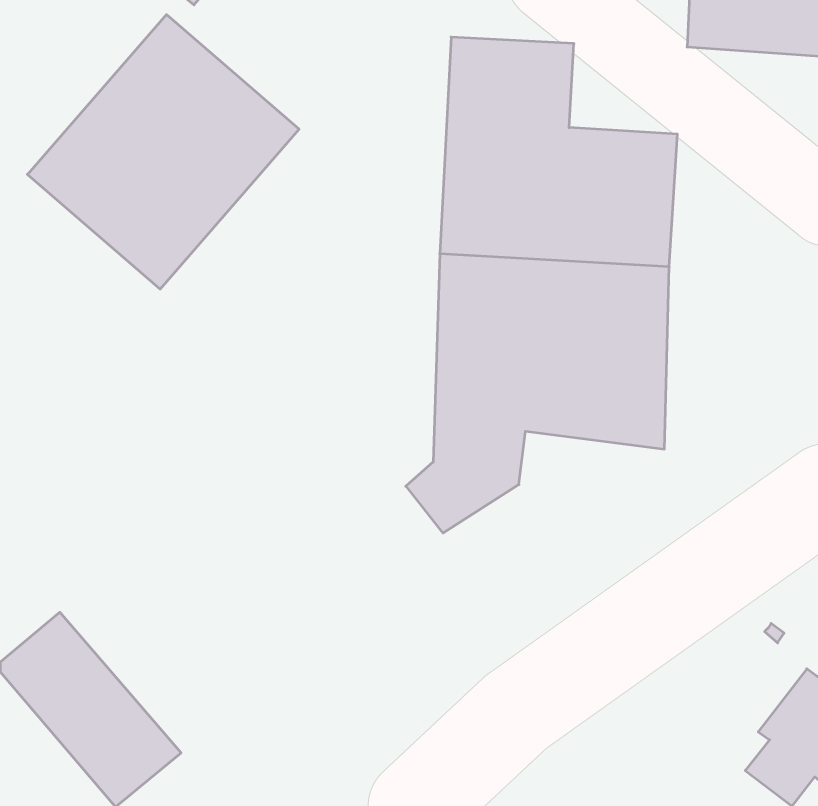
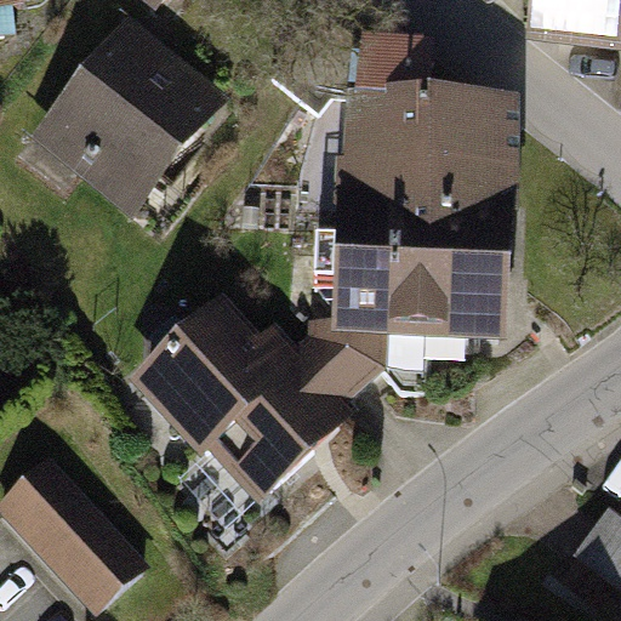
building: none -> [125,290,358,515]

